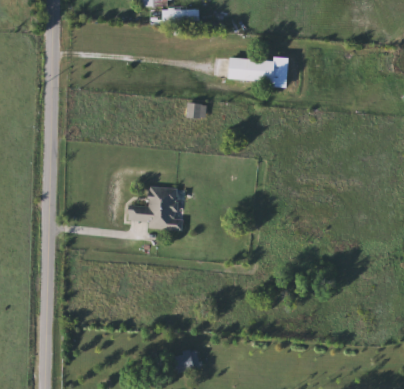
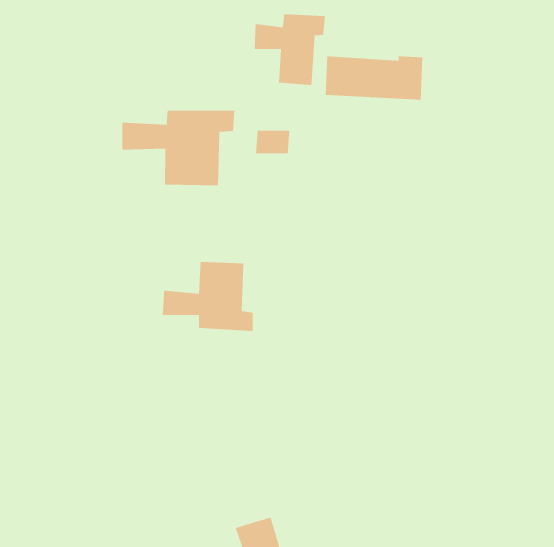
building: none -> [254,14,325,86]
building: none -> [122,110,235,186]

